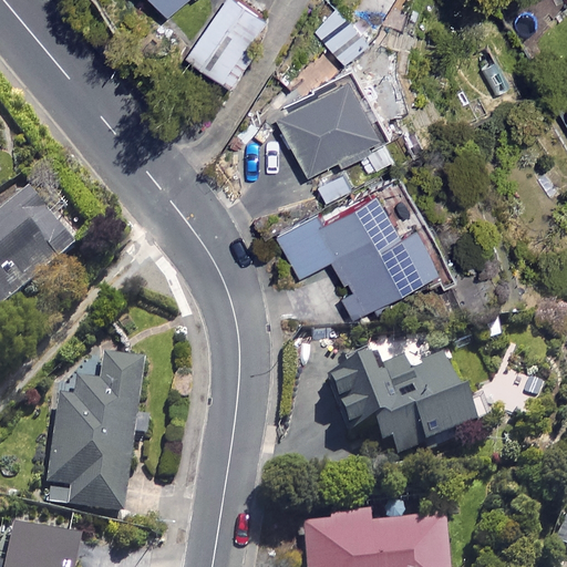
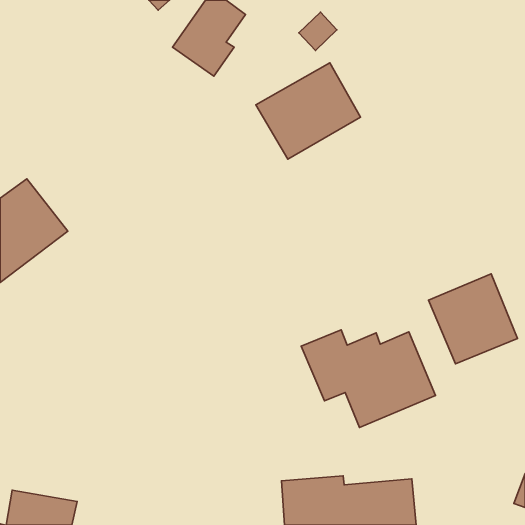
building: [279,183,432,311] -> none
building: none -> [429,274,518,364]
building: [44,357,145,515] -> none

